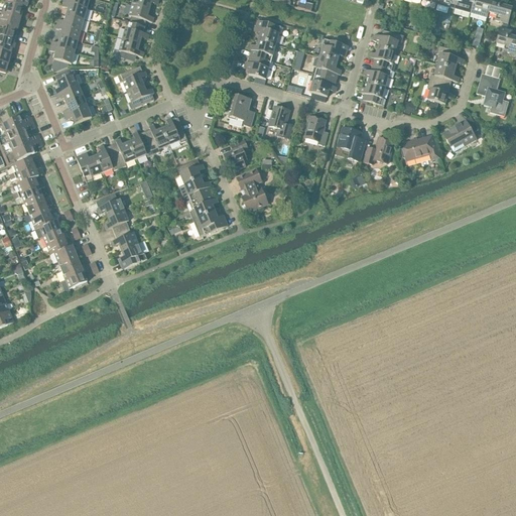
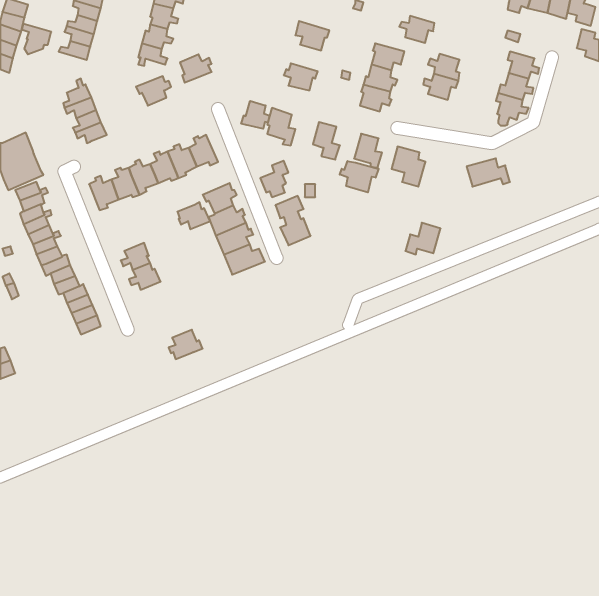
building: [373,28,403,51] -> [399,16,434,43]
building: [249,38,276,61] -> none
building: [49,44,75,71] -> [22,24,51,54]
building: [476,73,508,115] -> none
building: [359,81,386,105] -> none
building: [127,84,154,108] -> [180,54,212,83]
building: none -> [241,101,270,129]
building: [442,115,478,151] -> none
building: [364,136,394,163] -> [405,223,441,254]
building: none -> [340,161,379,192]
building: [96,192,124,216] -> [177,202,210,229]
building: [118,242,147,267] -> [169,330,203,359]

